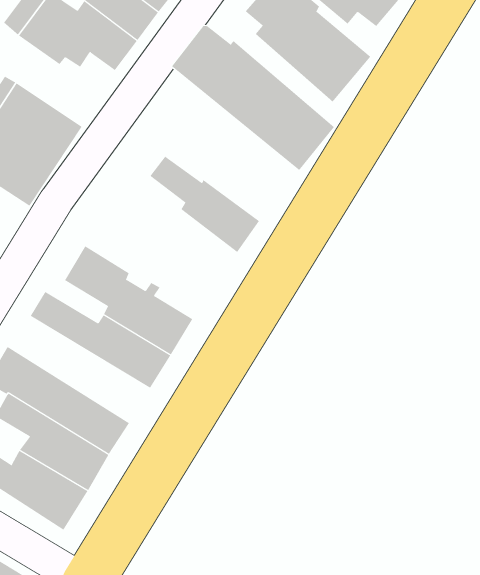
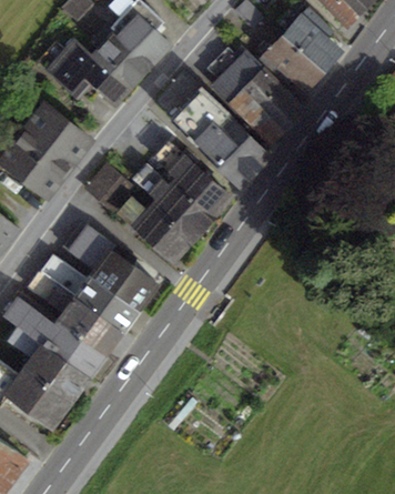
building: none -> [154,142,230,219]
building: none -> [88,167,133,212]
building: none -> [121,198,192,260]
building: none -> [30,272,122,354]

